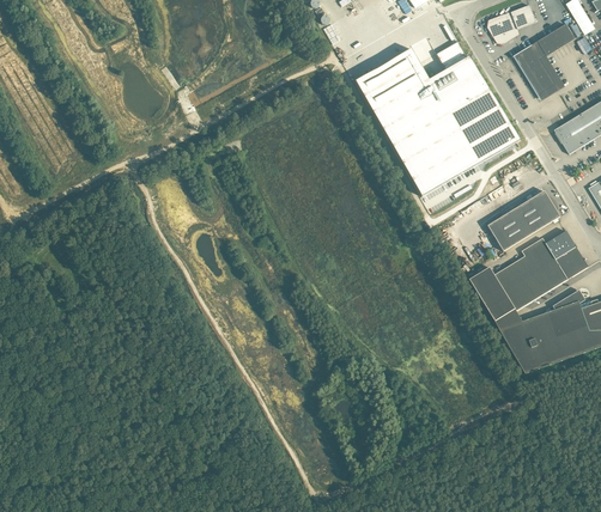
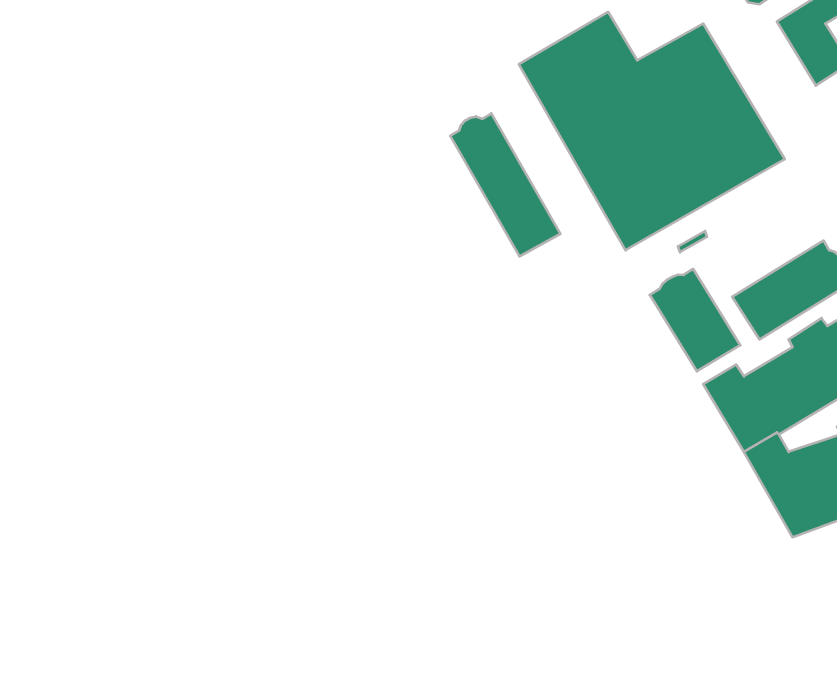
building: none -> [450,113,560,256]
building: none -> [650,269,740,371]

